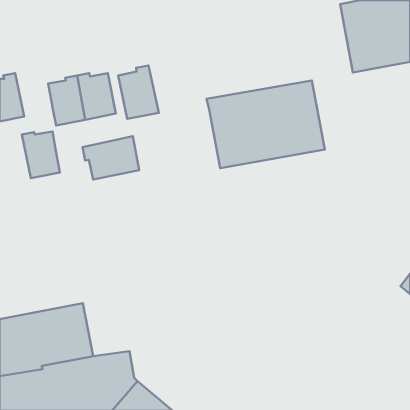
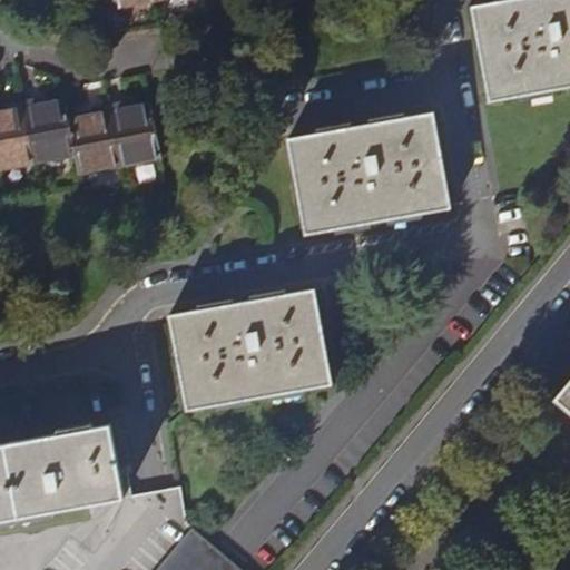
building: [118,65,159,119] -> none
building: [22,131,60,178] -> [21,98,73,163]
building: [82,136,139,179] -> none
building: none -> [168,288,332,411]

